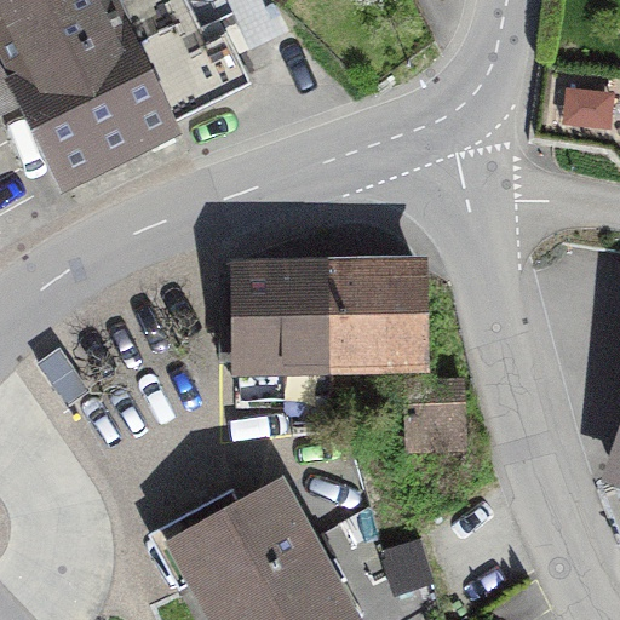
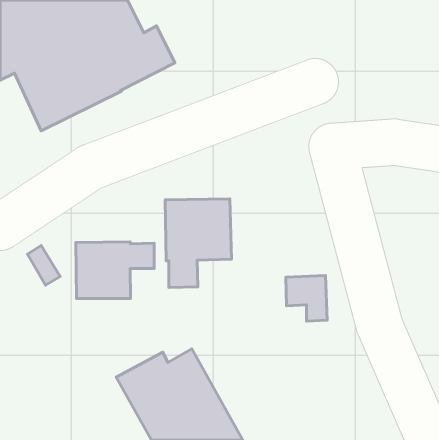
building: [325,268,418,364] -> none
building: none -> [76,242,154,298]

